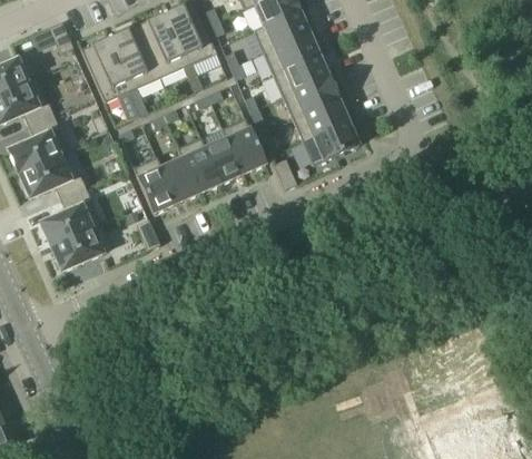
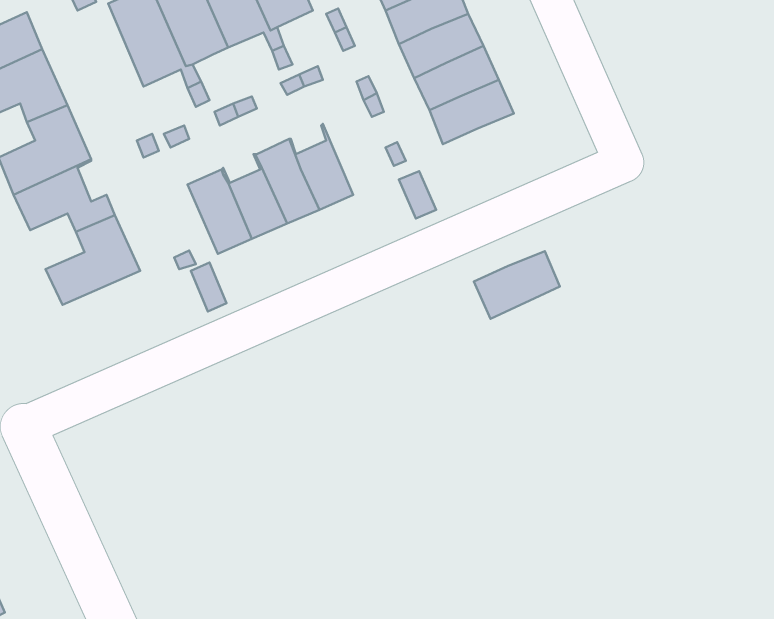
building: [223,117,265,173] -> none
building: [302,119,358,164] -> [474,251,560,319]
building: [51,223,104,270] -> none

